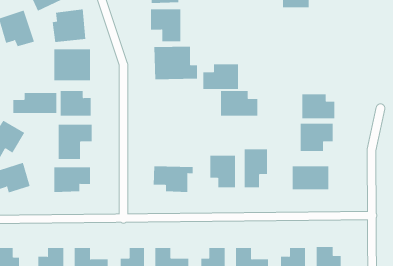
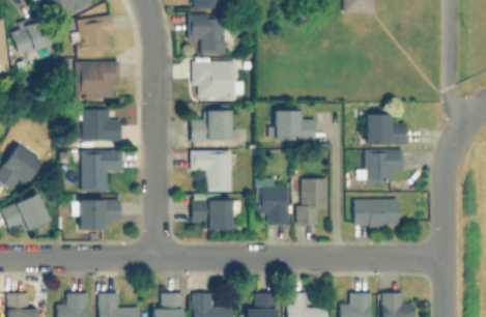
building: [203,64,239,89] -> [192,111,234,141]
building: [13,92,57,114] -> none
building: none -> [191,150,232,192]

